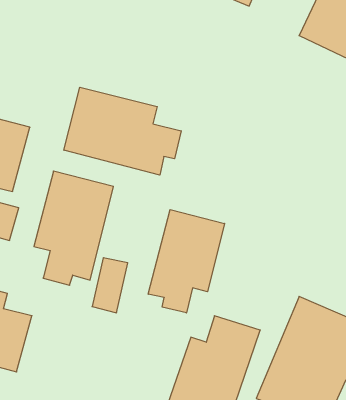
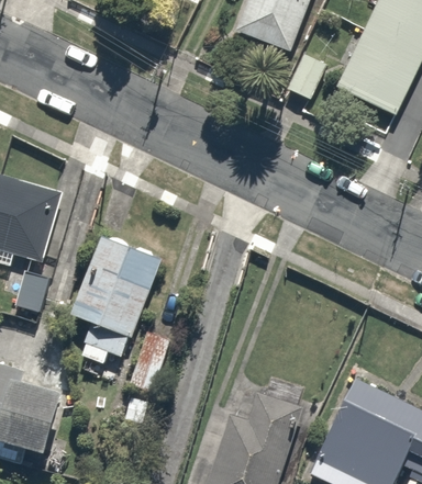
building: [64,87,181,175] -> none
building: [148,210,225,313] -> none

